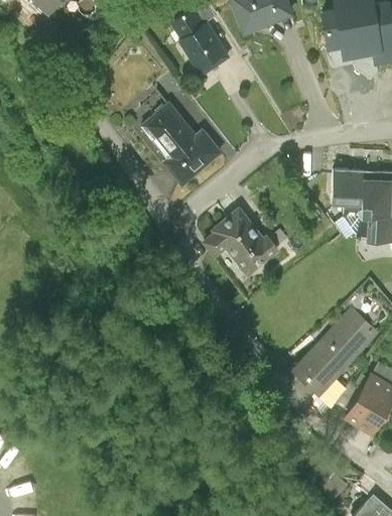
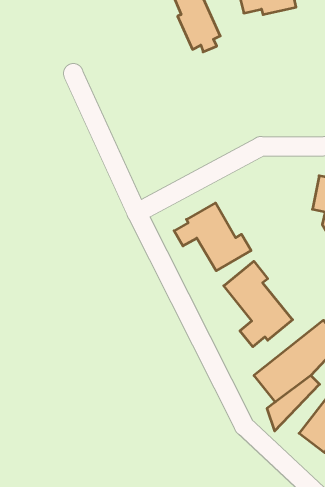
building: [137,96,220,180] -> none
building: none -> [224,261,293,347]

